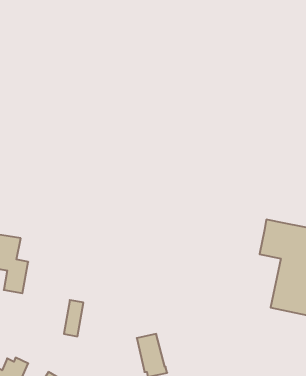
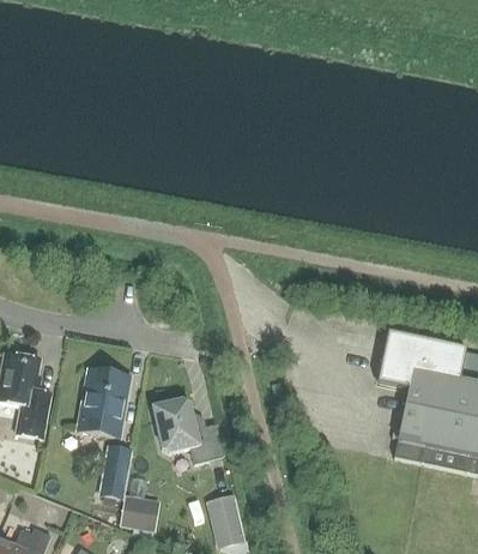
building: none -> [79,367,129,436]
building: none -> [153,399,210,463]
building: none -> [121,494,150,526]

